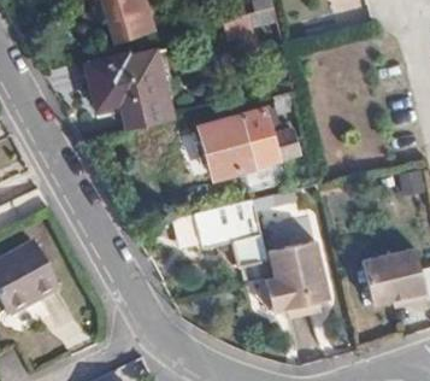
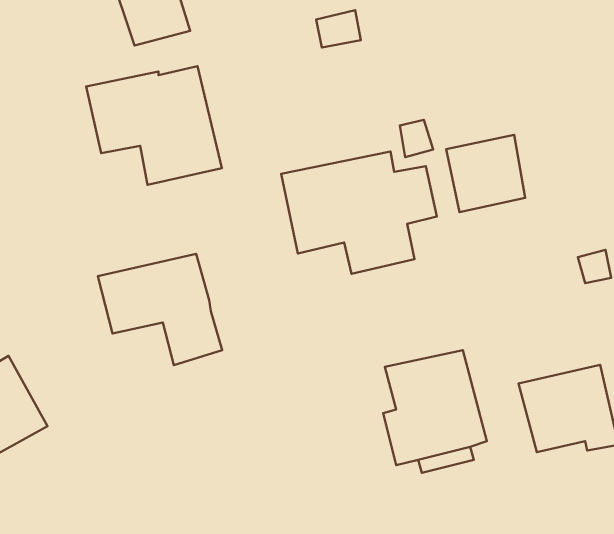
building: none -> [446,135,525,212]
building: [195,194,276,266] -> [98,254,222,365]

